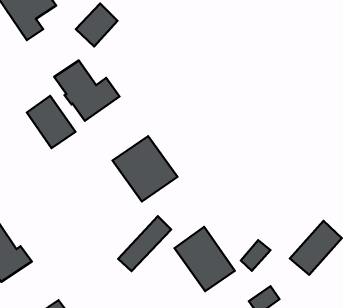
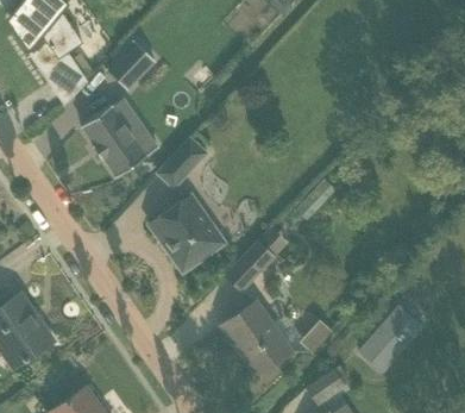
building: none -> [159,138,207,188]
building: [27,96,75,148] -> none
building: [118,216,171,271] -> [227,226,289,290]

